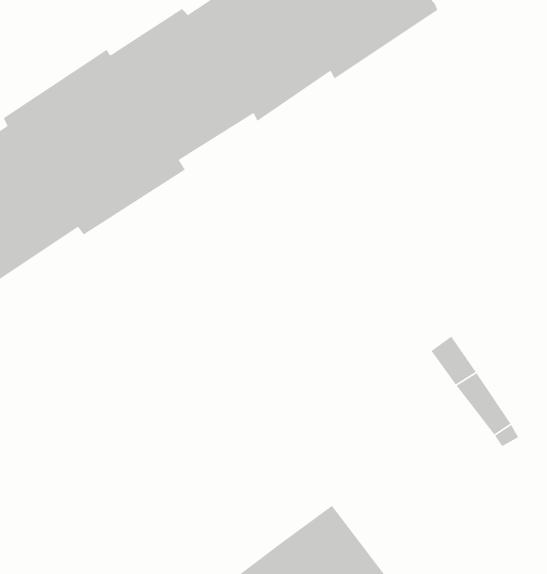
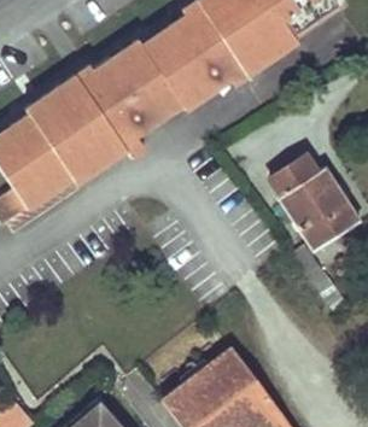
building: none -> [273,156,360,250]

